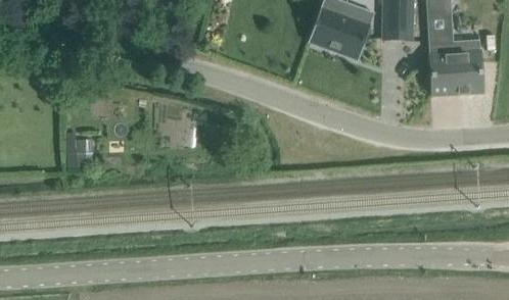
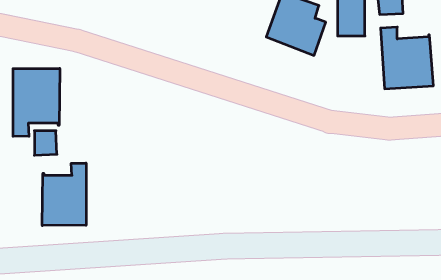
building: none -> [13,68,60,136]
building: none -> [42,163,86,226]

